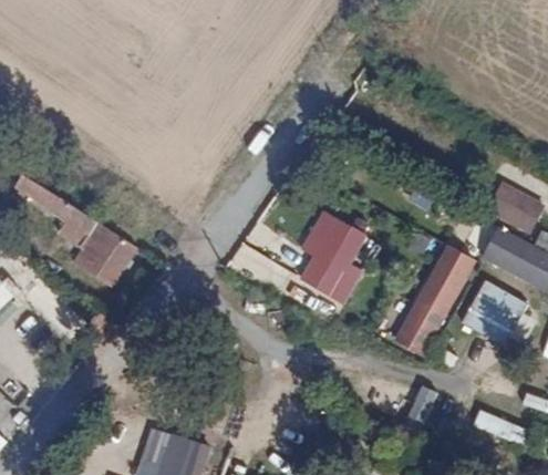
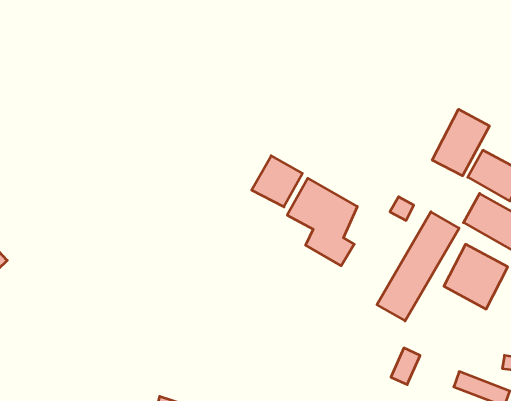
building: none -> [432,109,489,176]
building: [14,174,144,290] -> none
building: none -> [252,156,302,207]

